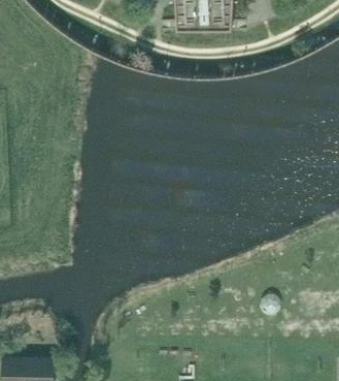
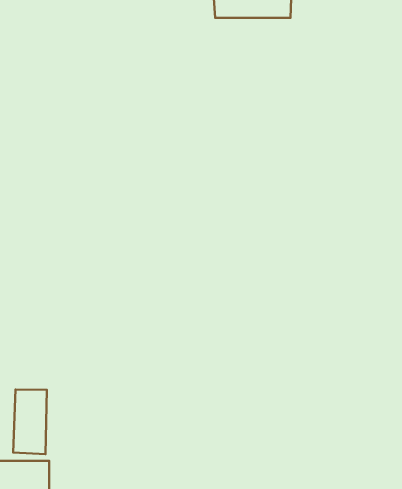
building: none -> [13,390,47,454]

